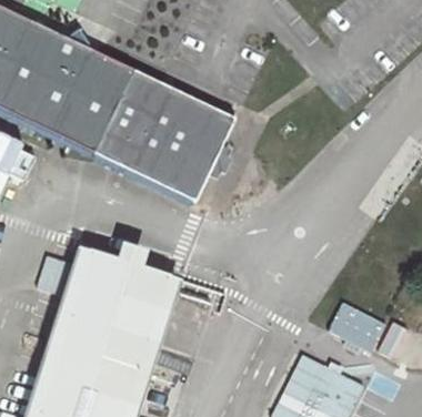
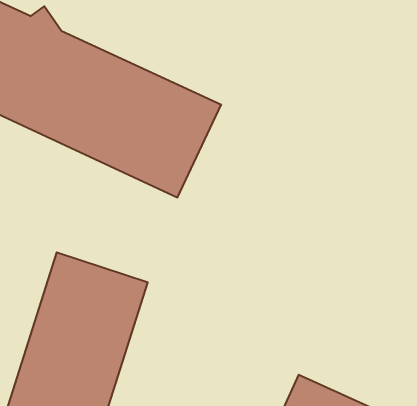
building: [328,303,386,353] -> none

